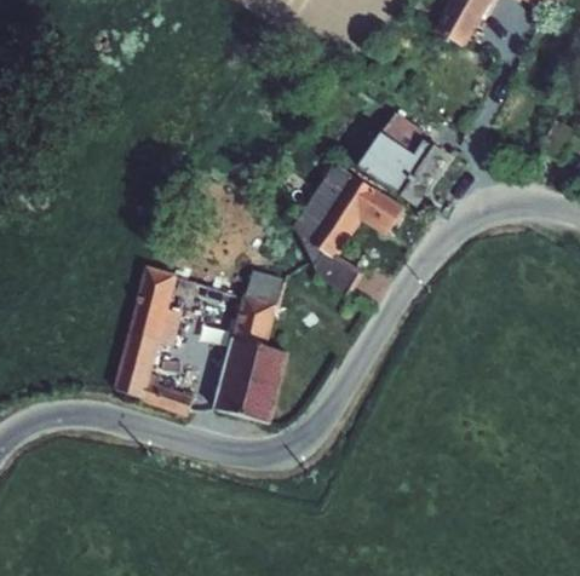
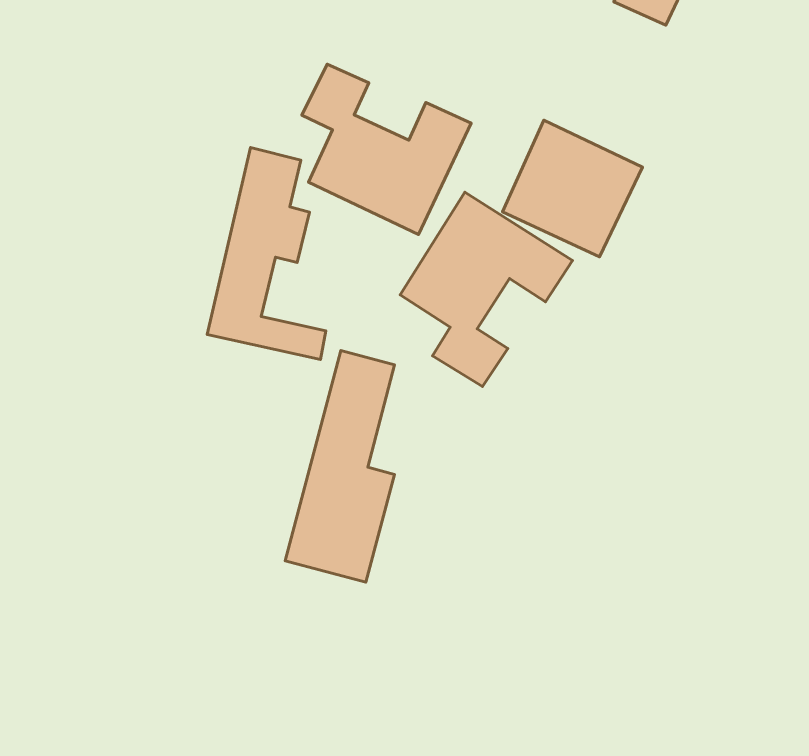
building: none -> [302,64,471,234]
building: [114,267,194,410] -> [207,147,326,360]

